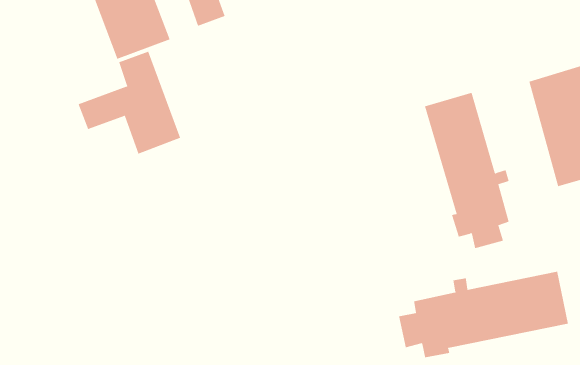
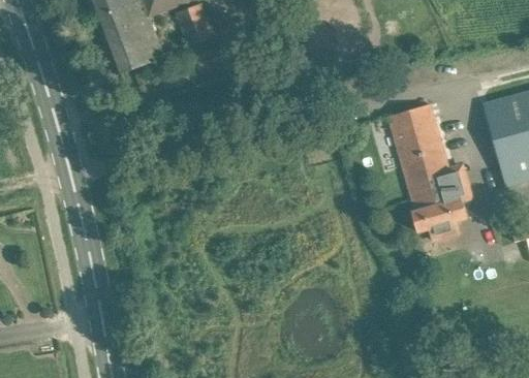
building: [78,51,181,154] -> none
building: [398,271,568,358] -> none

